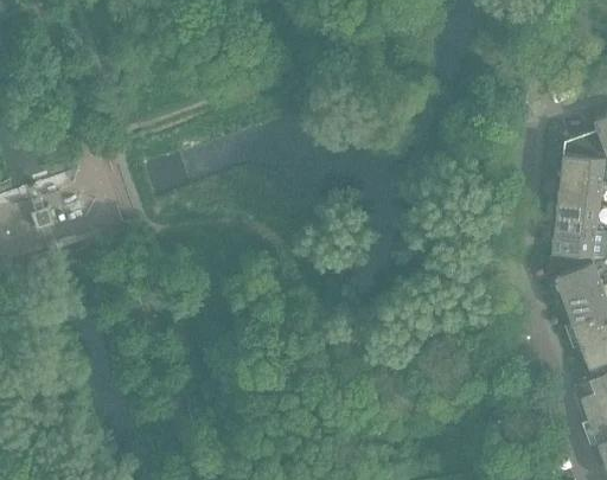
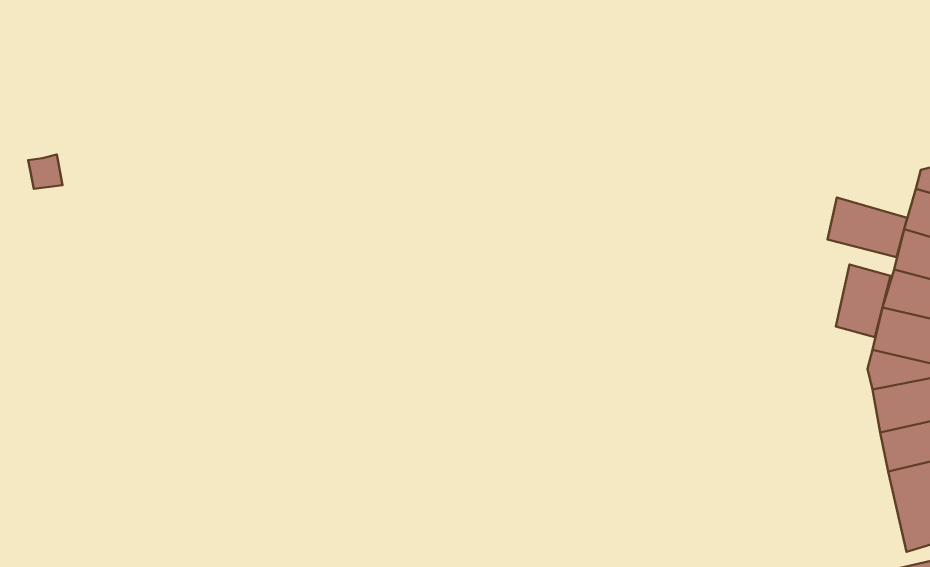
building: none -> [827,197,907,257]
building: none -> [836,265,891,337]

